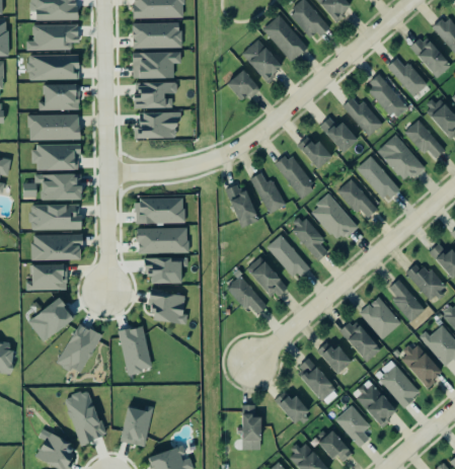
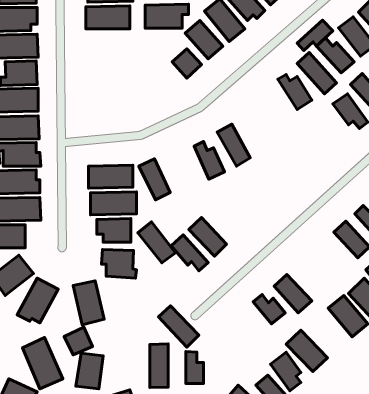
building: none -> [297,20,333,50]
building: [133,52,180,78] -> [145,4,188,28]
building: [134,82,177,107] -> none
building: [134,111,178,139] -> none
building: [319,118,358,152] -> none
building: [376,135,424,183] -> none
building: [297,137,332,169] -> none
building: [356,156,399,202] -> none
building: [336,178,377,218] -> none
building: [224,182,258,228] -> [139,159,170,200]
building: [309,194,357,242] -> none
building: [289,217,327,260] -> none
building: [267,234,308,280] -> [138,222,176,263]
building: [388,279,425,322] -> none
building: [359,296,401,339] -> none
building: [295,360,339,405] -> [158,306,199,347]
building: [379,364,420,407] -> none
building: none -> [64,327,92,355]
building: [274,391,309,423] -> none
building: none -> [150,344,168,388]

